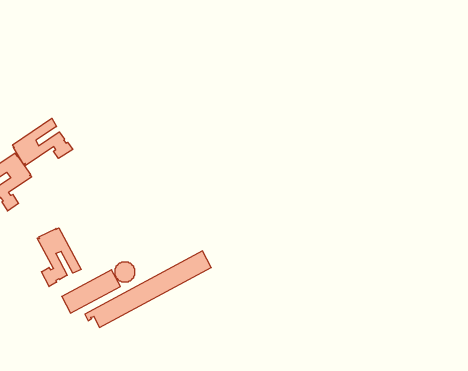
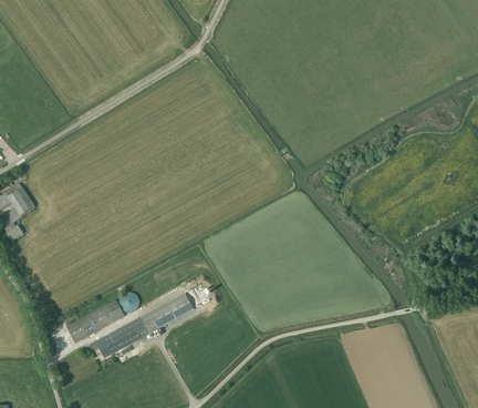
building: [13,118,73,166] -> none
building: [37,228,81,287] -> none

